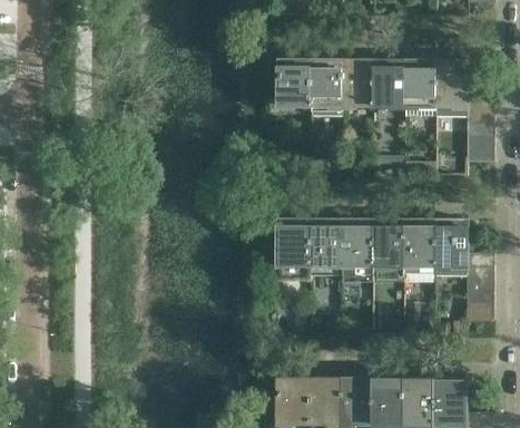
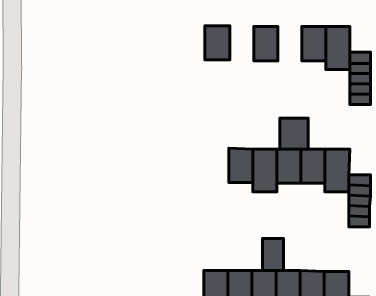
building: [311,61,342,107] -> none
building: [373,62,404,107] -> none
building: none -> [280,118,308,149]
building: [277,221,310,265] -> none
building: none -> [263,239,283,271]

